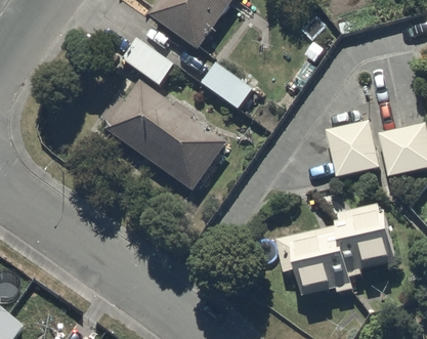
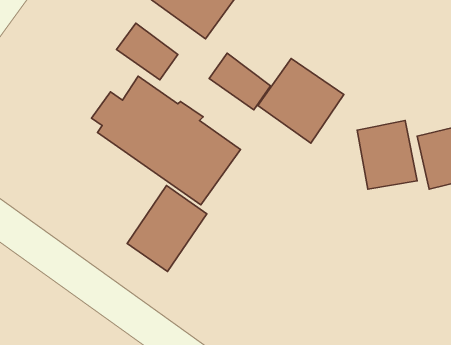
building: none -> [258,59,344,143]
building: none -> [127,186,207,272]
building: [275,202,397,300] -> none

